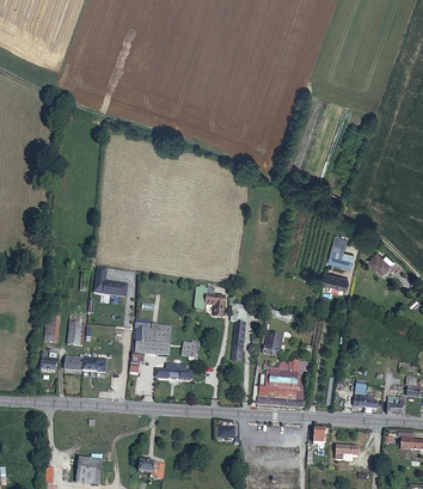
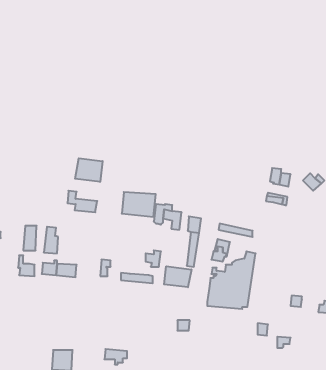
building: none -> [75,158,103,182]
building: [134,325,173,354] -> [122,192,156,217]
building: none -> [164,266,191,287]

